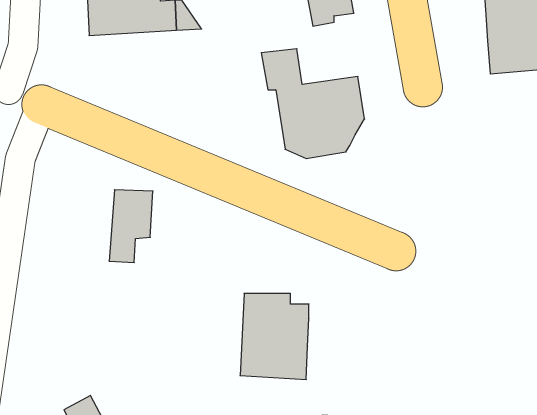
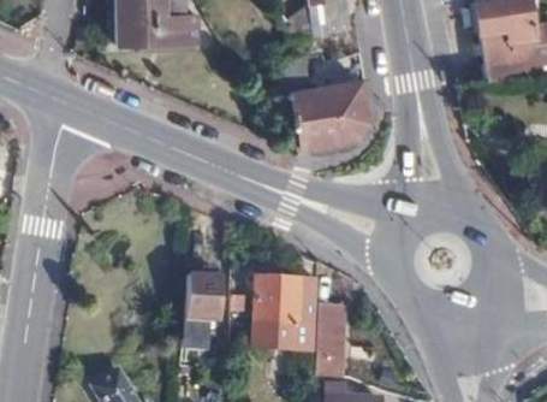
building: [109,190,153,262] -> [183,278,222,344]
building: none -> [314,302,345,383]

